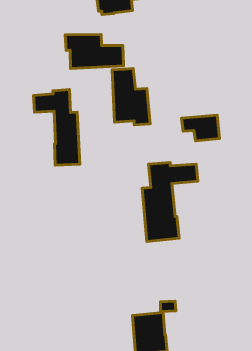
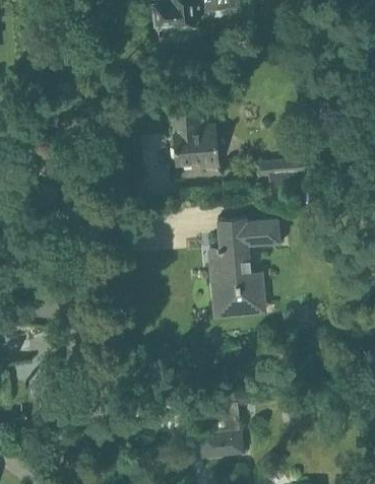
building: [65,35,123,69] -> none
building: [34,90,80,165] -> none

